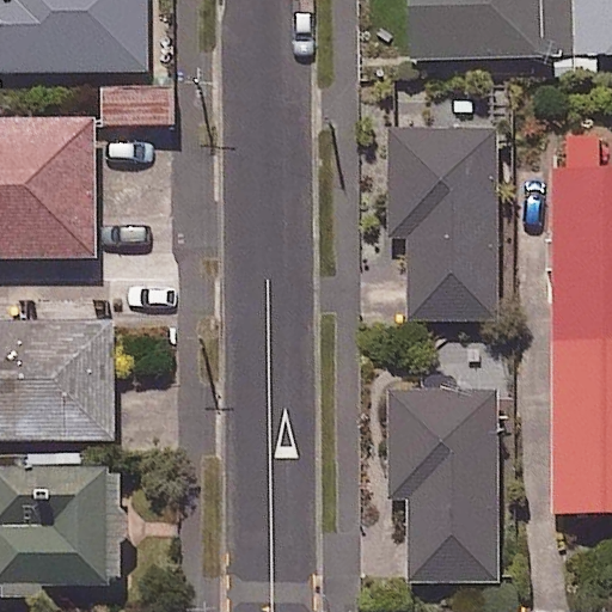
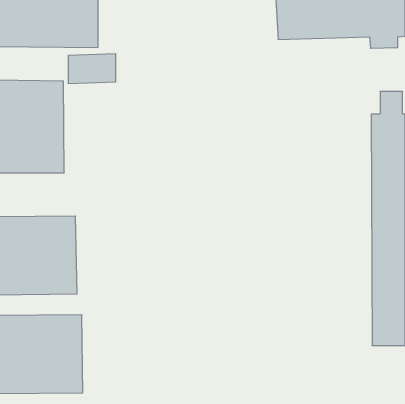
building: [388,126,497,316] -> none
building: [388,390,498,577] -> none

